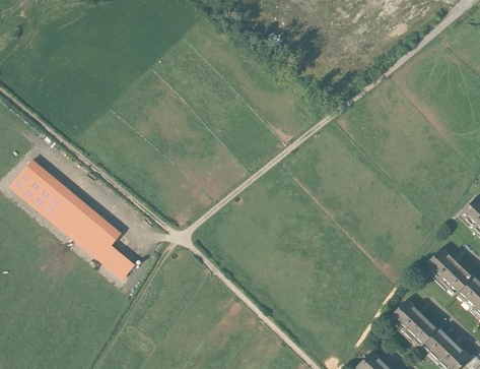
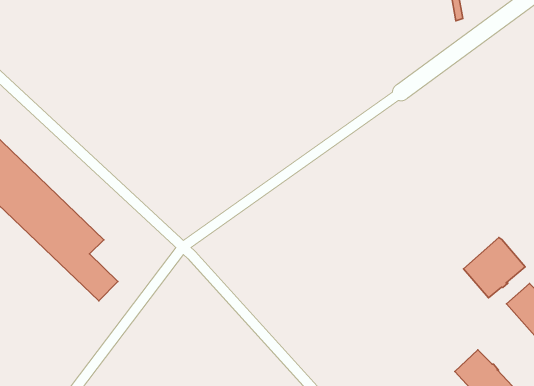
building: none -> [463,238,525,298]

